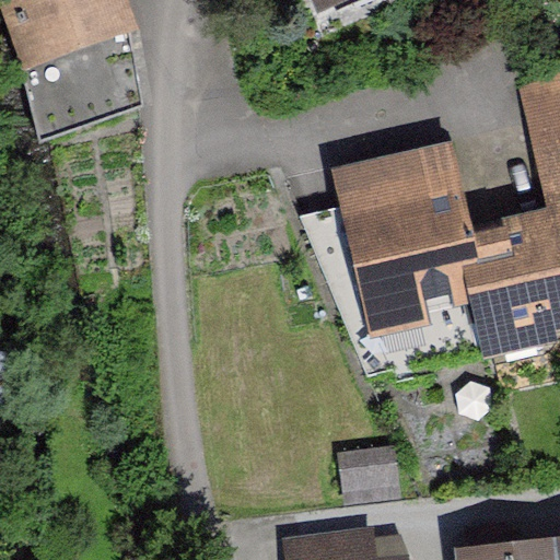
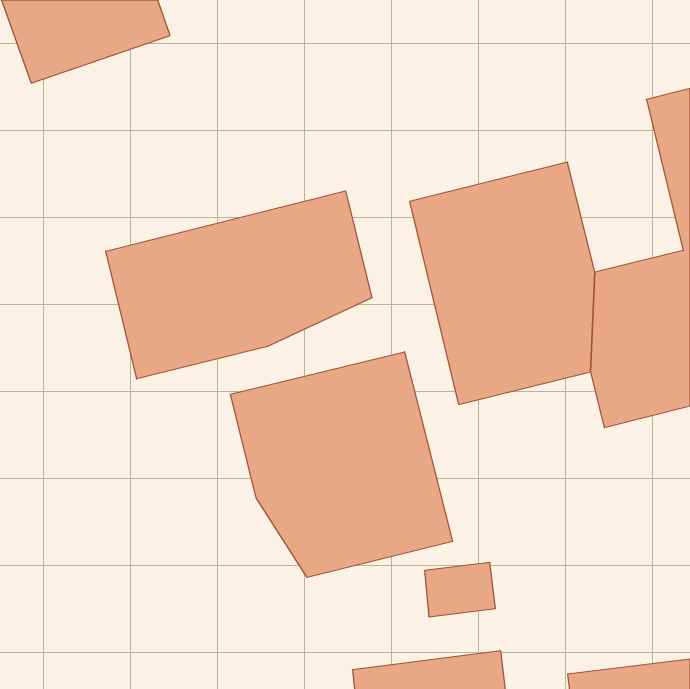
building: none -> [106,191,372,379]
building: none -> [231,352,453,577]

